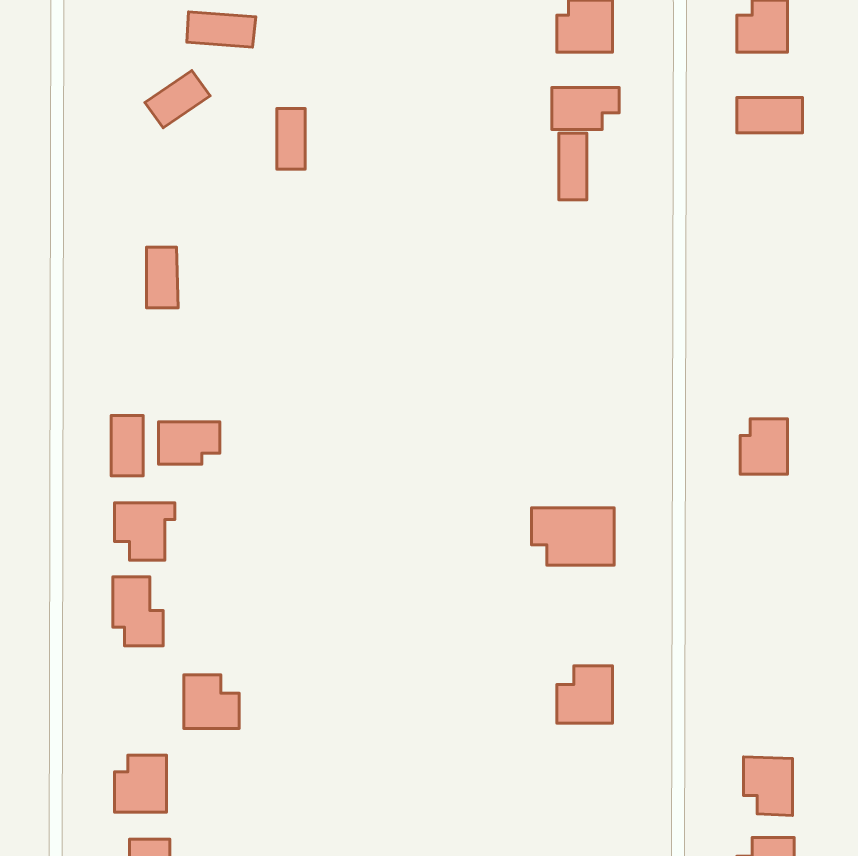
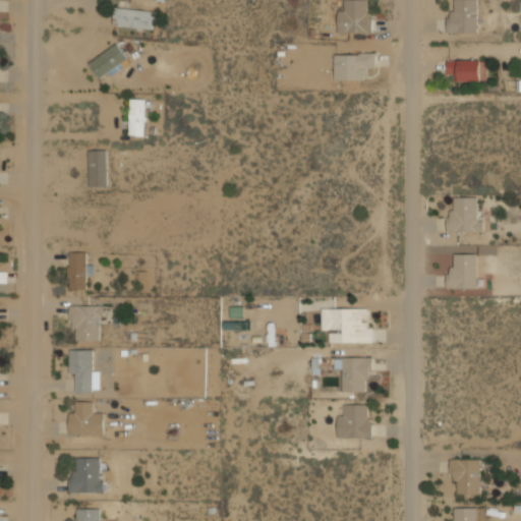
building: [277,109,305,169] -> [128,100,146,136]
building: [559,133,587,200] -> none
building: none -> [449,198,480,233]
building: [159,422,220,464] -> none
building: none -> [342,358,371,393]
building: [184,675,239,729] -> [69,403,103,436]

